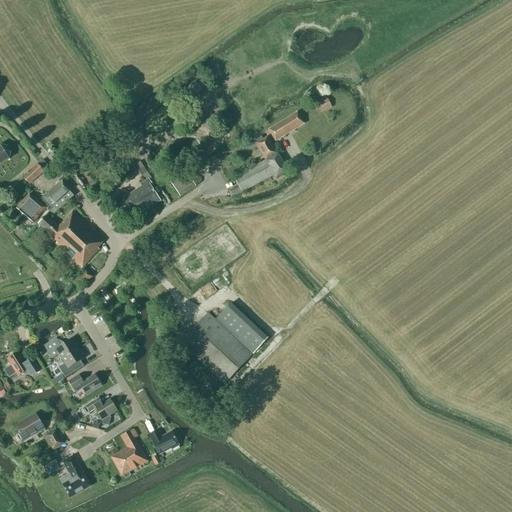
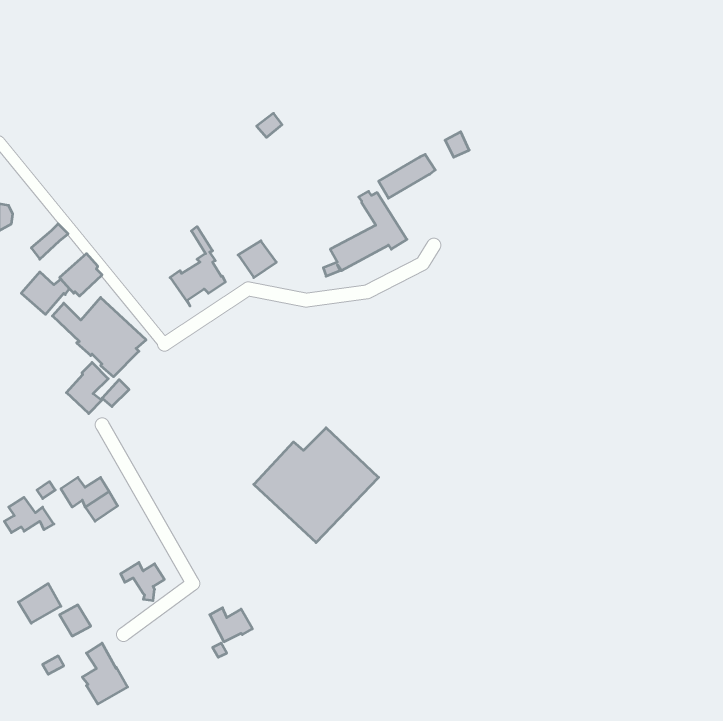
building: none -> [66,362,108,414]
building: [67,373,100,394] -> none
building: [110,428,147,477] -> none

